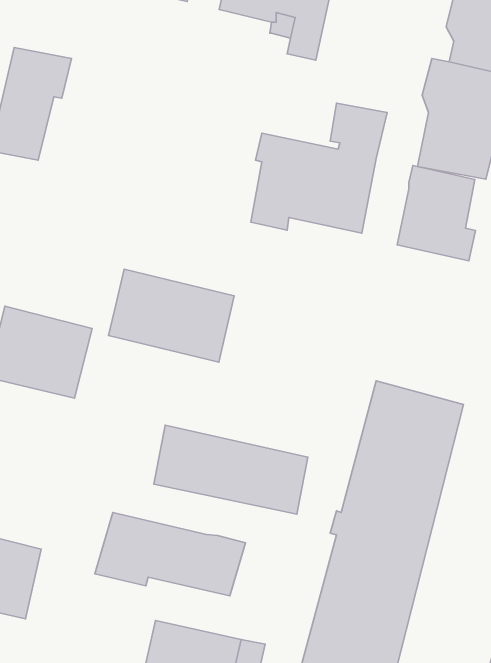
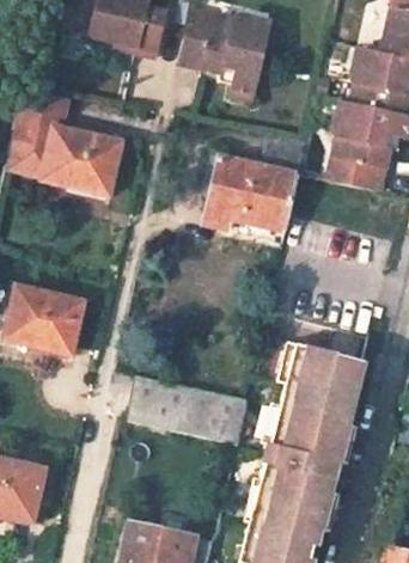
building: none -> [43,128,121,195]
building: [397,166,475,261] -> none
building: [109,269,234,362] -> none
building: [95,512,246,596] -> none

